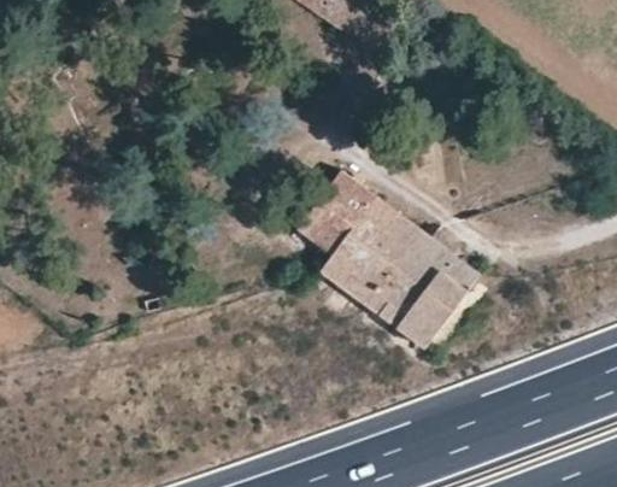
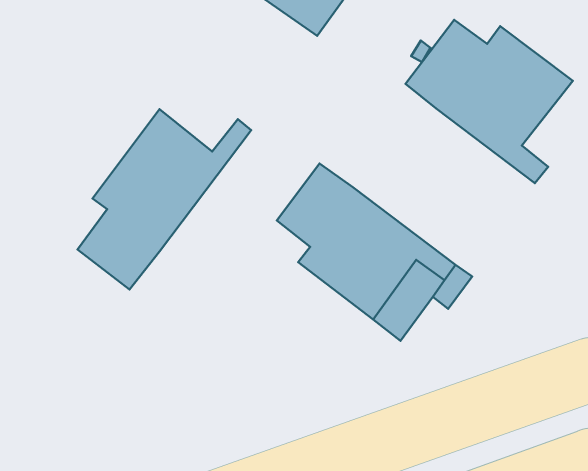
building: none -> [406,20,573,183]
building: none -> [77,109,251,289]

